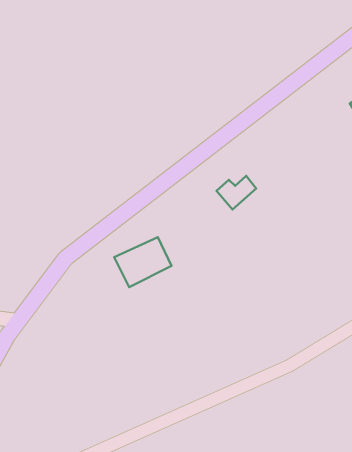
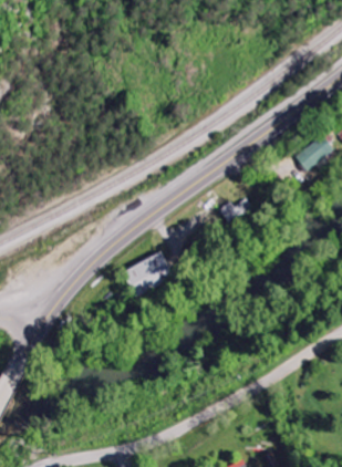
building: none -> [294,133,335,172]

